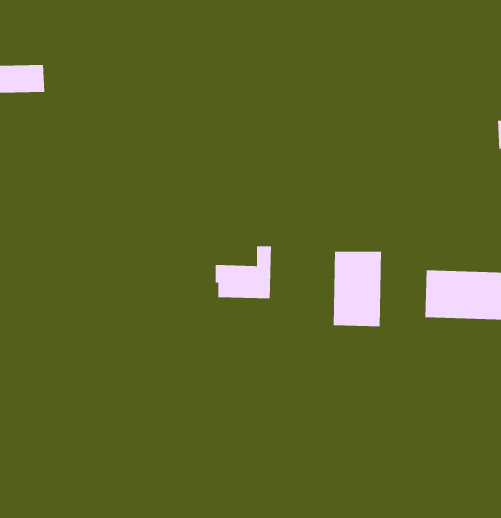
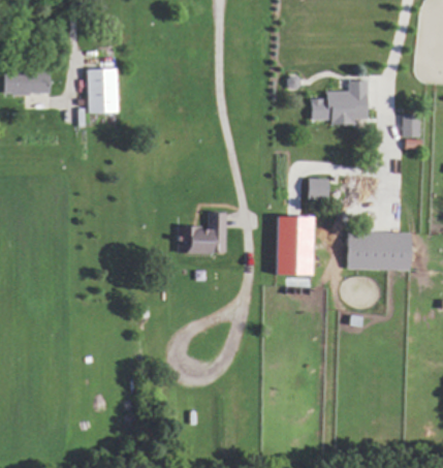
building: none -> [87,68,120,113]
building: none -> [311,81,368,125]
building: none -> [308,178,328,201]

